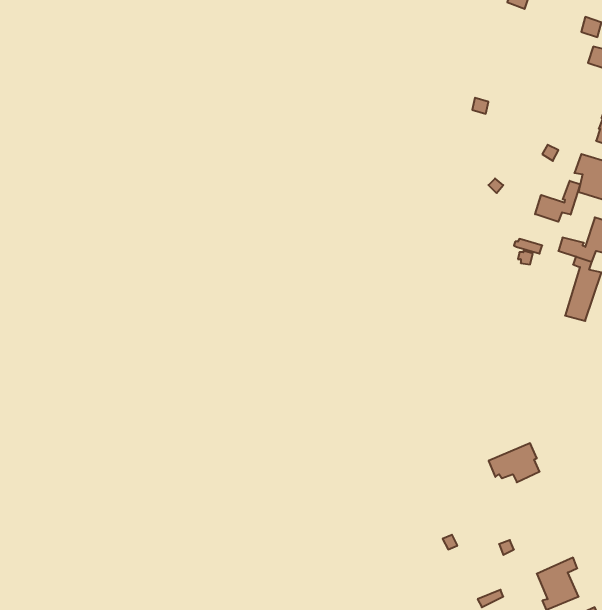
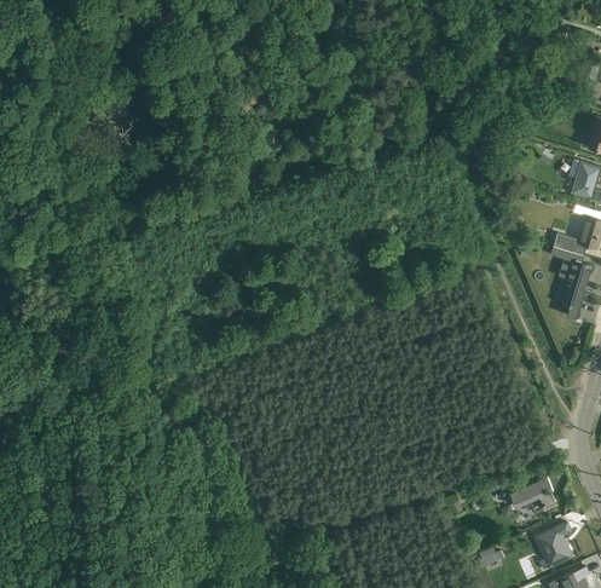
building: [535,181,580,222] -> none
building: [489,443,540,482] -> [509,477,555,512]

